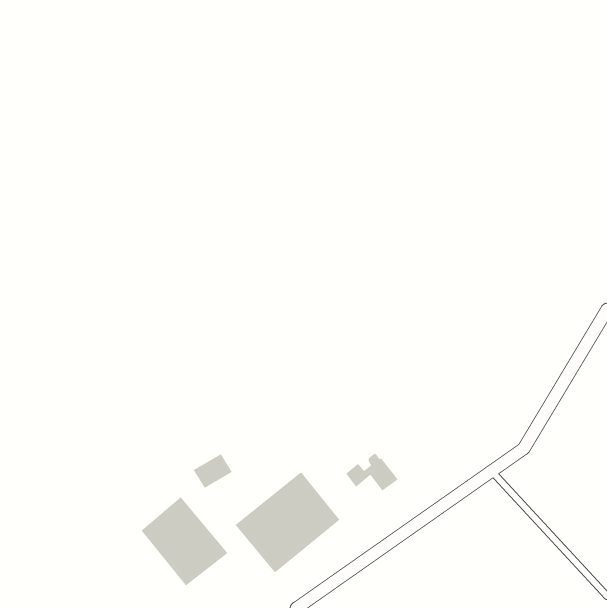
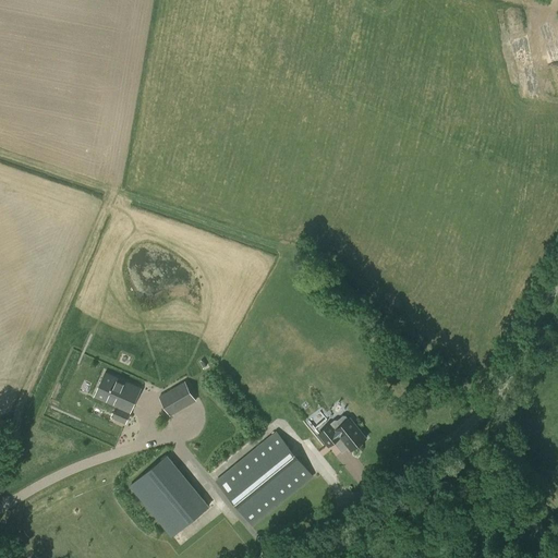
building: none -> [93,372,140,424]
building: [192,453,233,489] -> [158,381,195,414]

